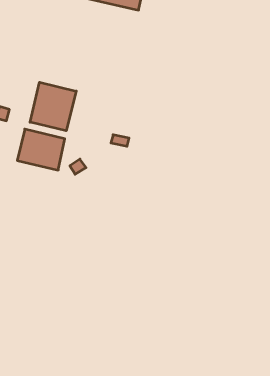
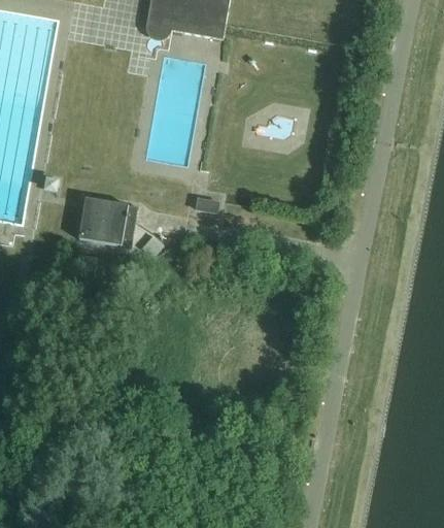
building: [30,82,76,131] -> none

